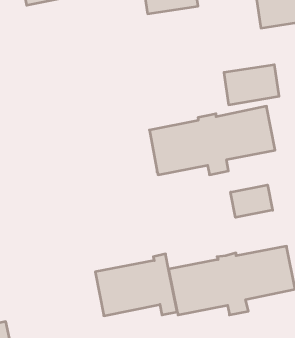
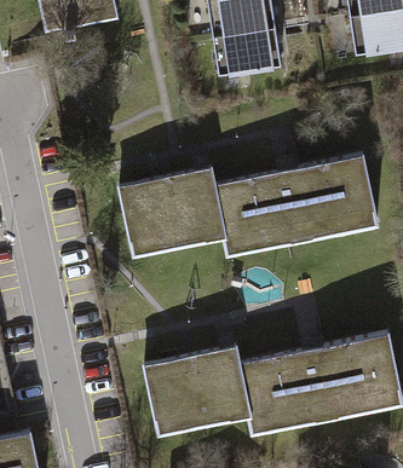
building: [224,65,279,105] -> [211,30,281,81]
building: none -> [119,167,223,245]
building: [231,185,273,217] -> none

